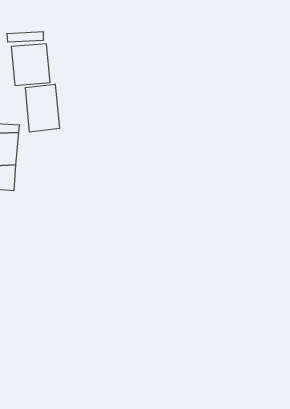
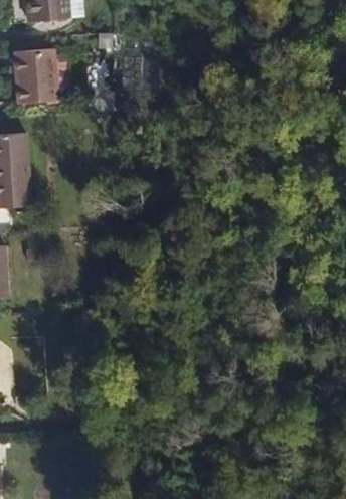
building: [25,84,59,132] -> none

